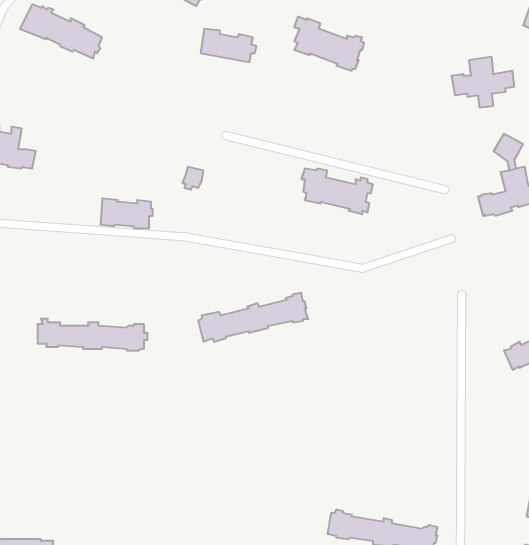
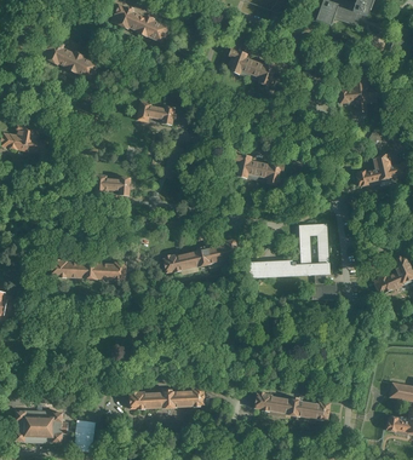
building: [201,29,257,62] -> [138,102,177,125]
building: none -> [248,224,337,300]
building: none -> [130,387,203,410]

